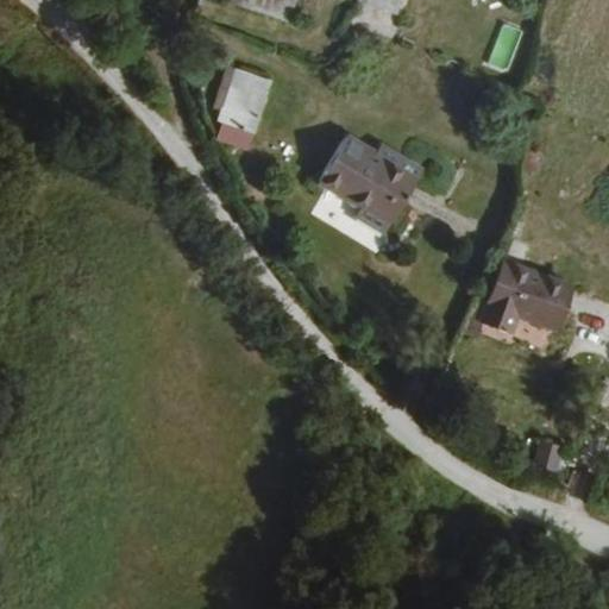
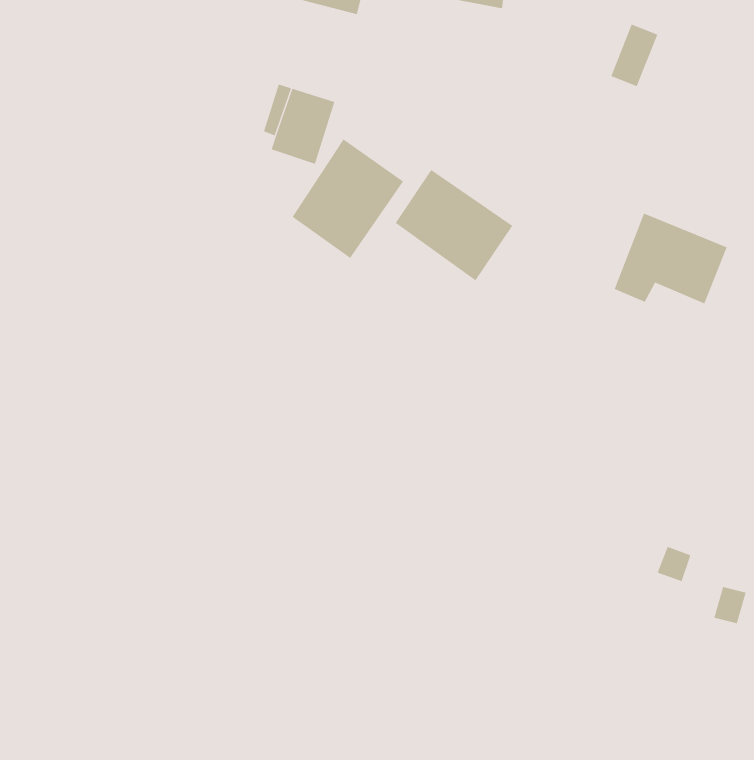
building: none -> [292,139,404,259]
building: [473,263,564,335] -> [614,213,727,304]

